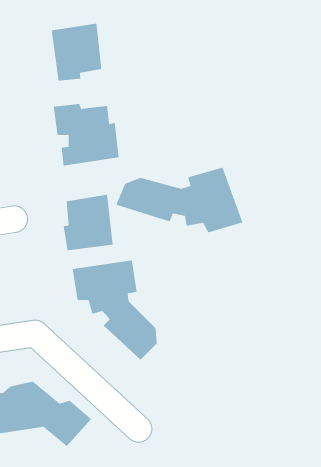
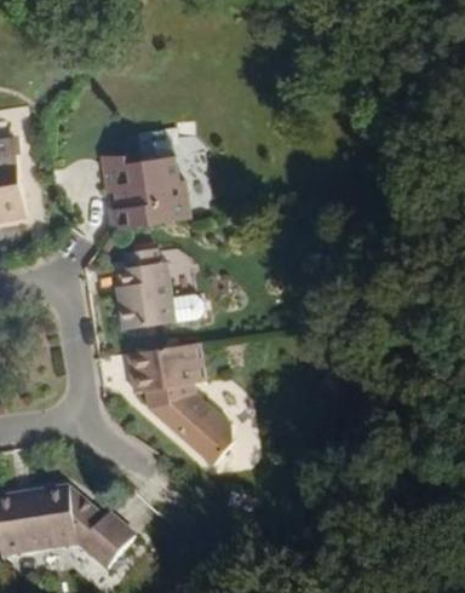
building: [51,23,102,81] -> none
building: [116,167,243,233] -> none

